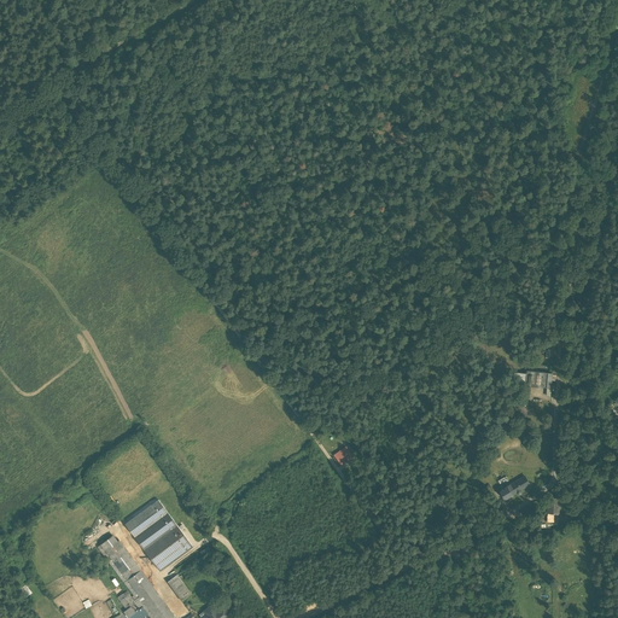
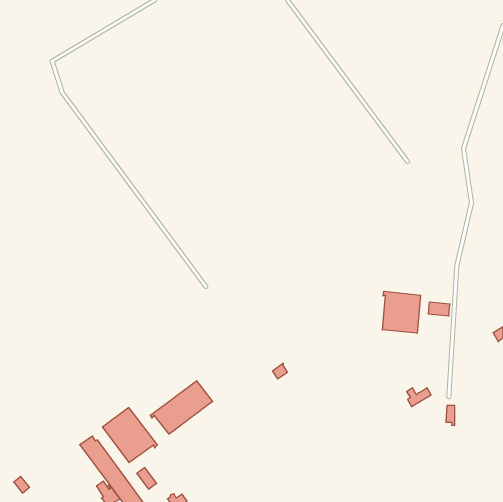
building: none -> [383,291,421,333]
building: none -> [150,381,213,434]

